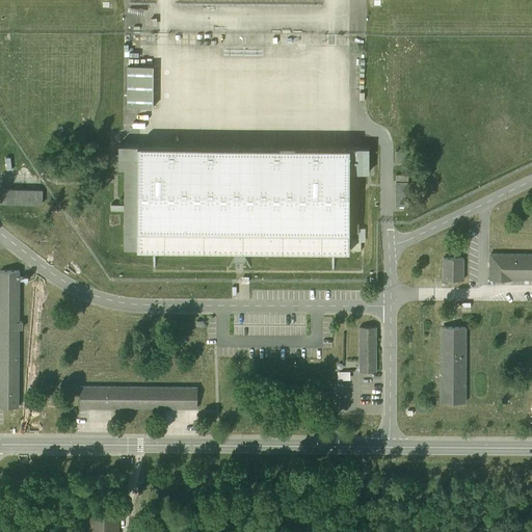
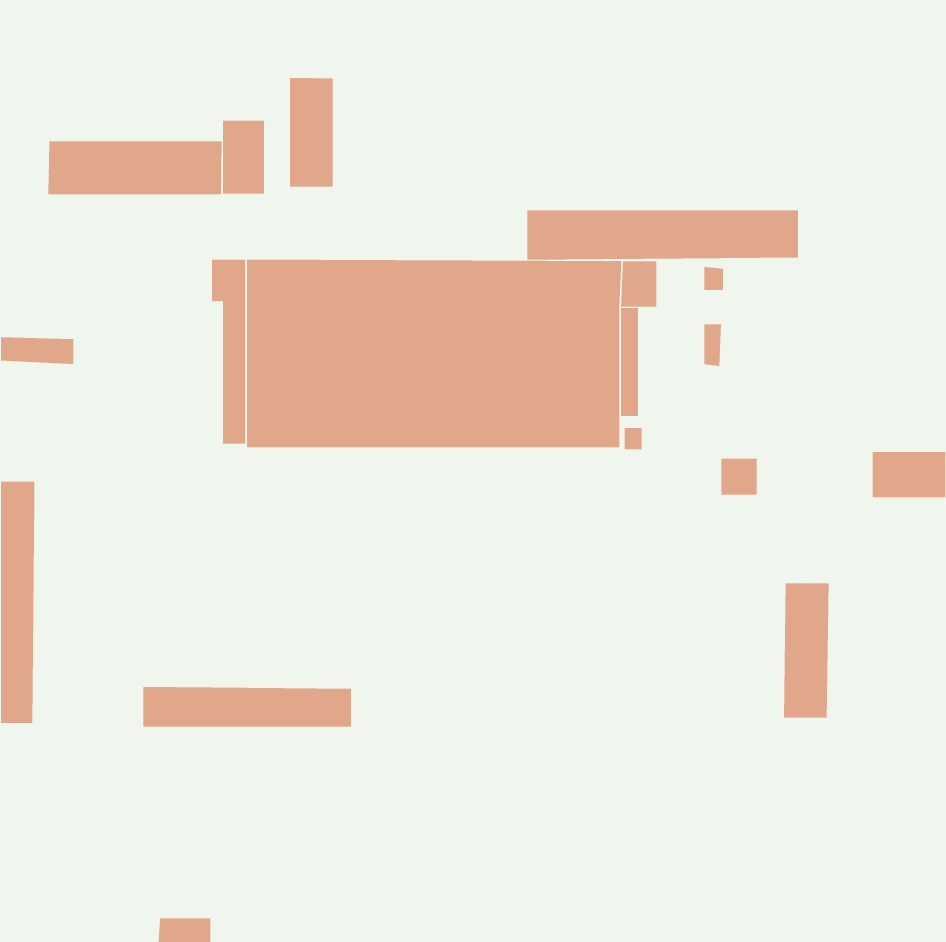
building: none -> [290,77,333,188]
building: none -> [48,140,222,195]
building: none -> [527,209,799,260]
building: [443,261,463,282] -> [720,458,757,495]
building: [358,329,376,373] -> none

